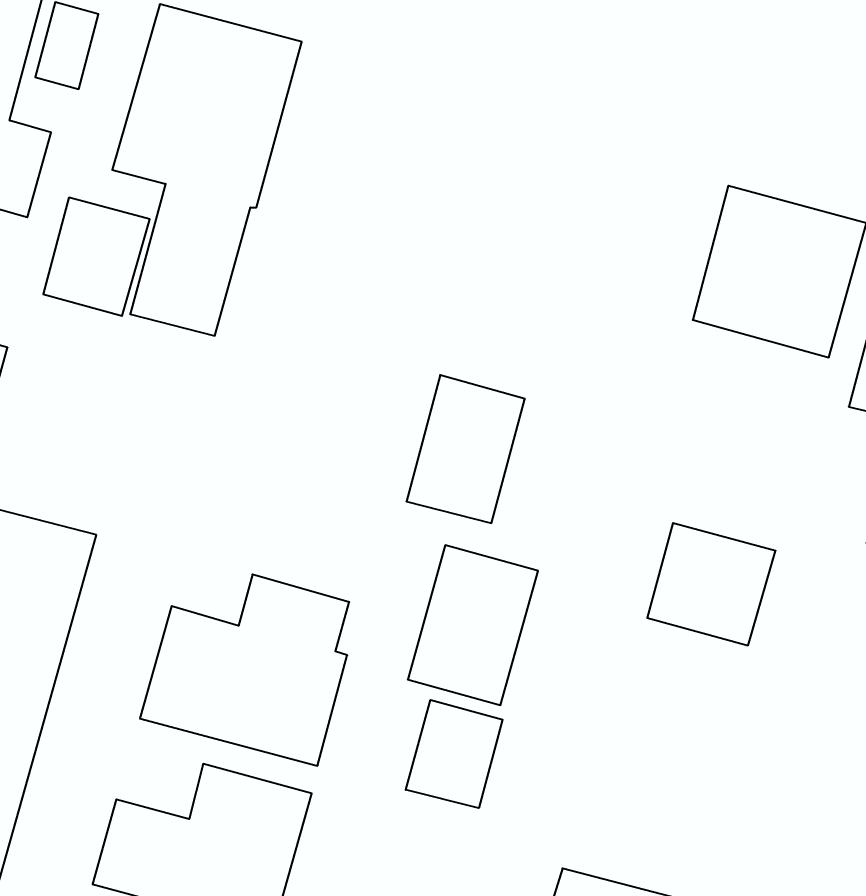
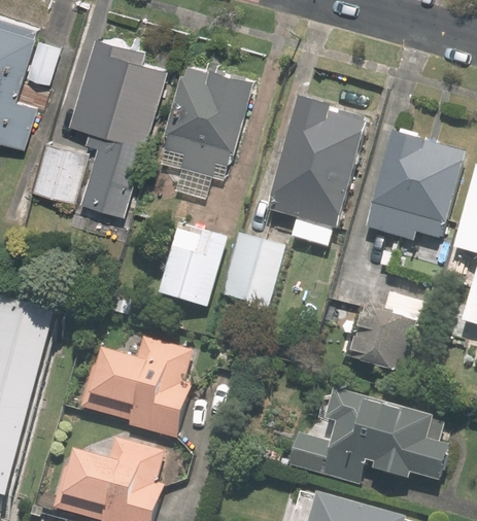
building: none -> [160,64,251,171]
building: none -> [266,99,367,229]
building: [408,545,538,705] -> [159,222,227,306]
building: none -> [288,389,453,485]
building: [406,700,503,808] -> none

